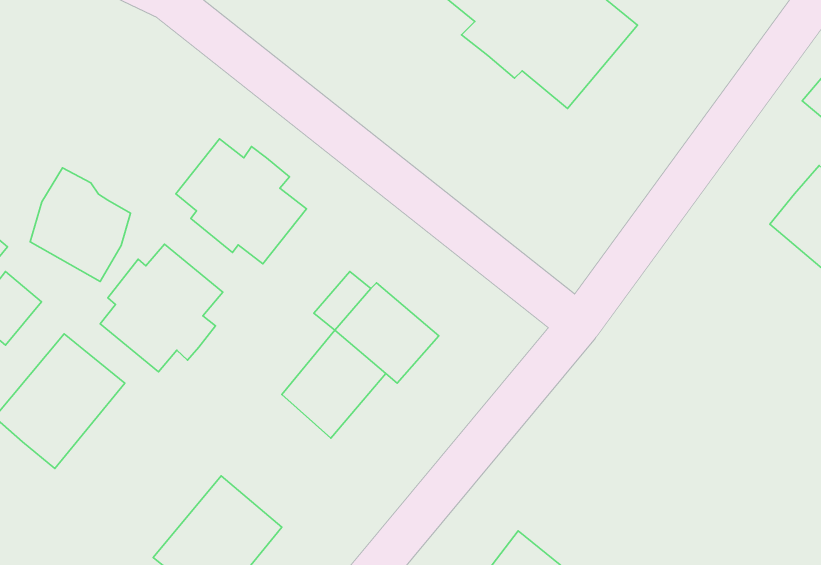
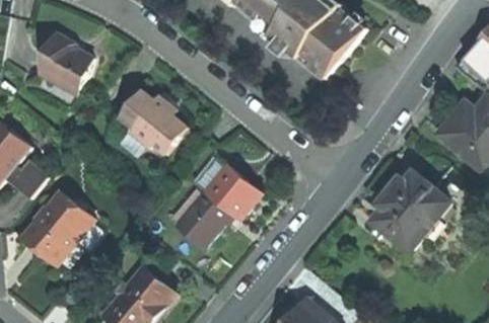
building: [30,168,131,281] -> [37,33,90,94]
building: [100,244,223,372] -> none
building: none -> [372,173,445,250]

